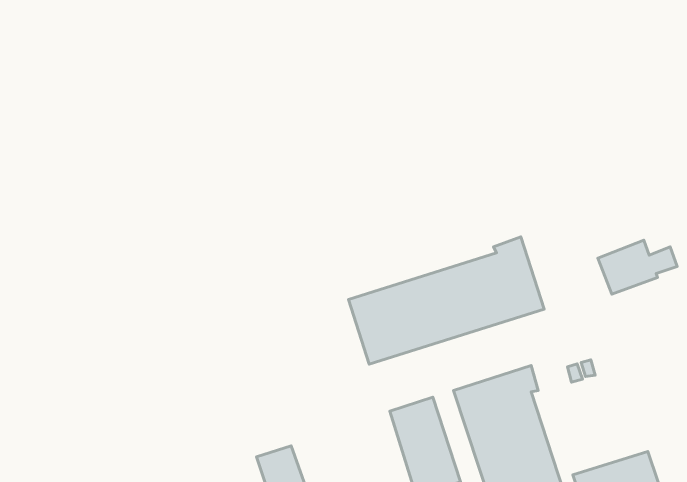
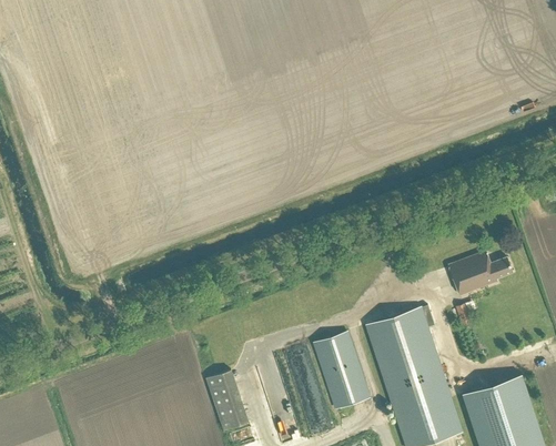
building: [348,237,544,364] -> none
building: [598,240,677,294] -> [448,252,512,295]

